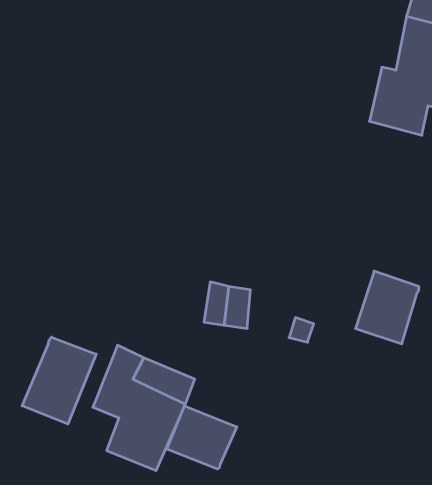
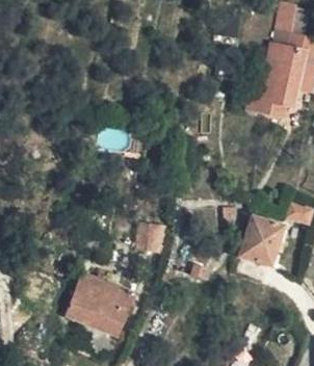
building: [22,337,96,424] -> none
building: [167,406,237,469] -> none

